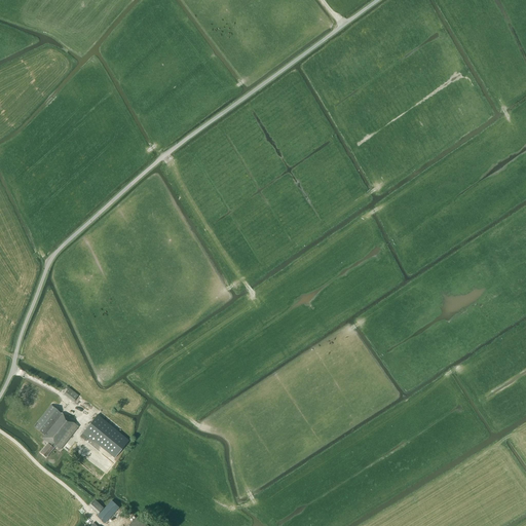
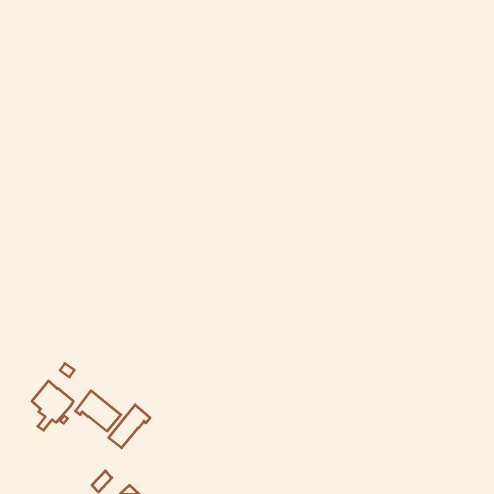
building: none -> [109,405,150,448]

